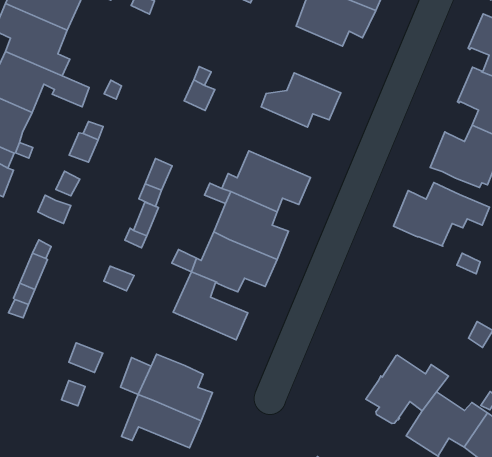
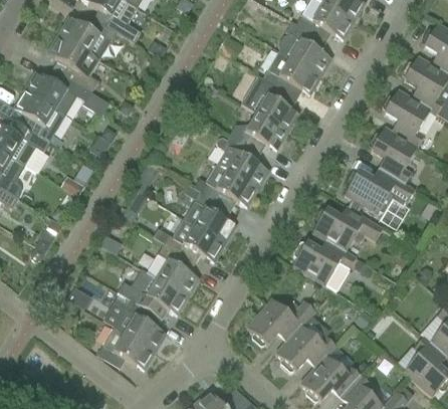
building: none -> [241,75,299,132]
building: none -> [216,134,269,189]
building: none -> [292,240,357,291]
building: none -> [118,269,189,319]
building: none -> [247,298,318,345]

